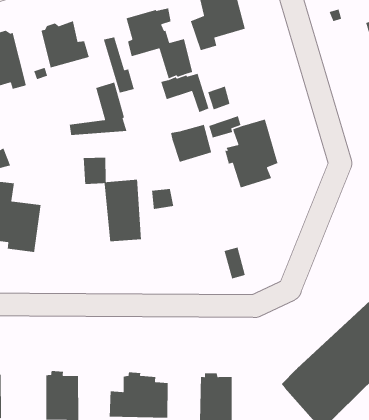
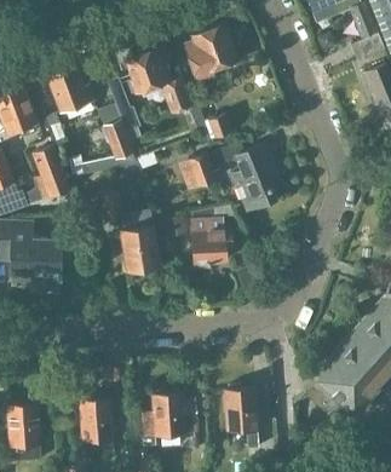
building: none -> [31,145,70,198]
building: none -> [192,215,230,269]

